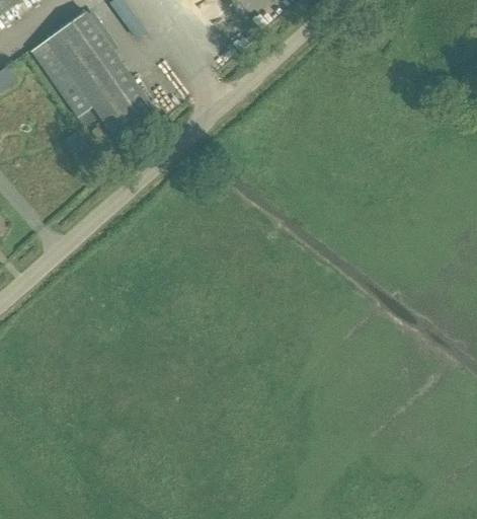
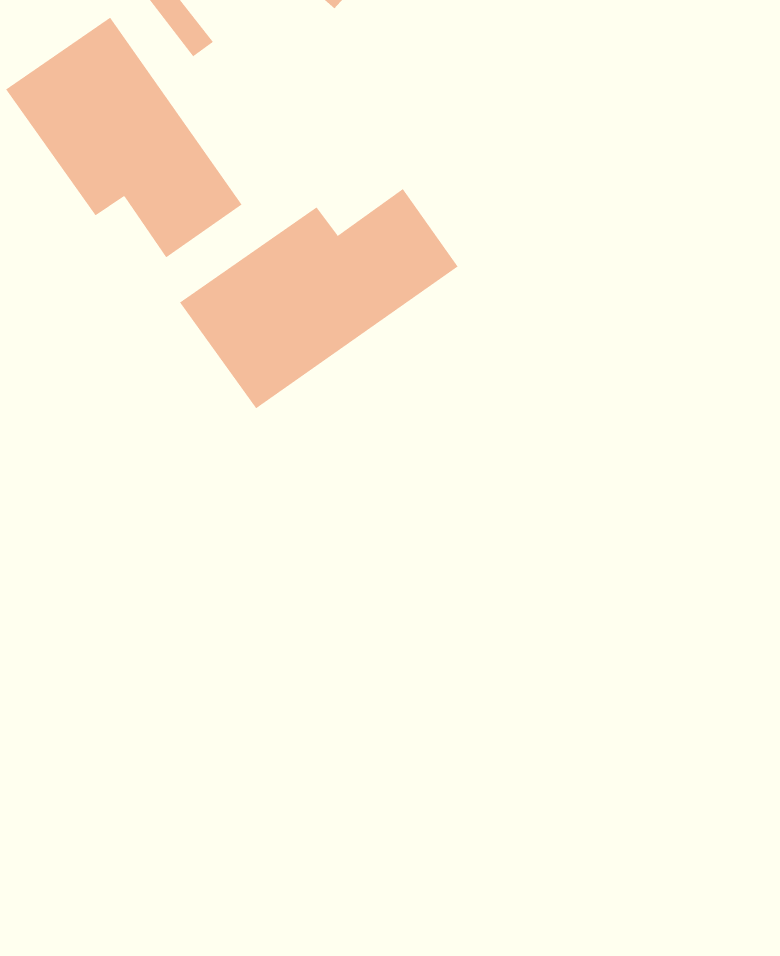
building: none -> [179,188,458,409]

